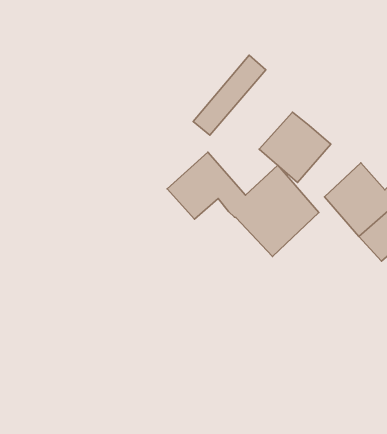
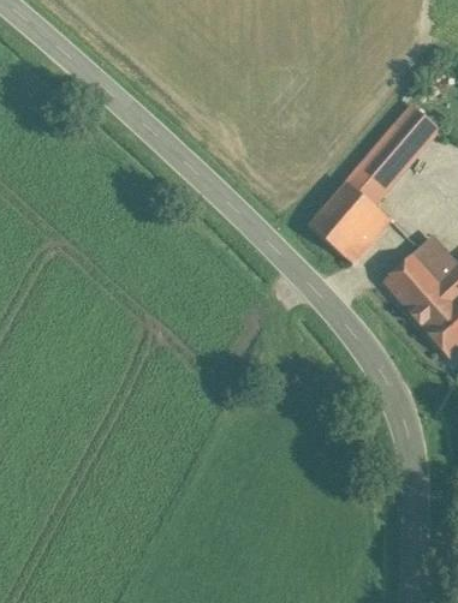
building: [193,55,266,135] -> [347,105,432,197]
building: [167,152,319,256] -> none

